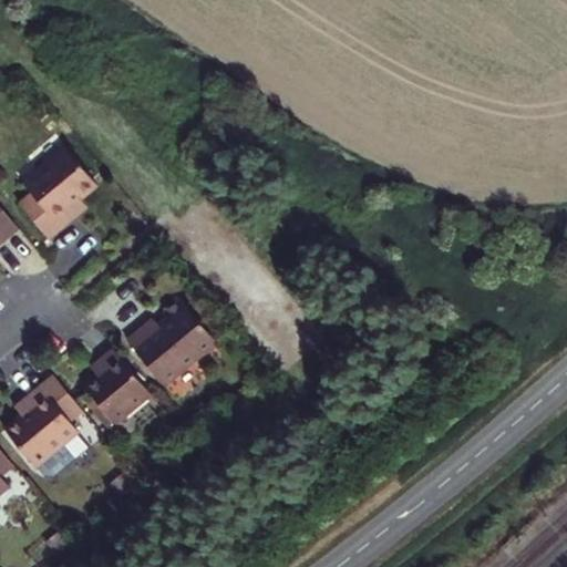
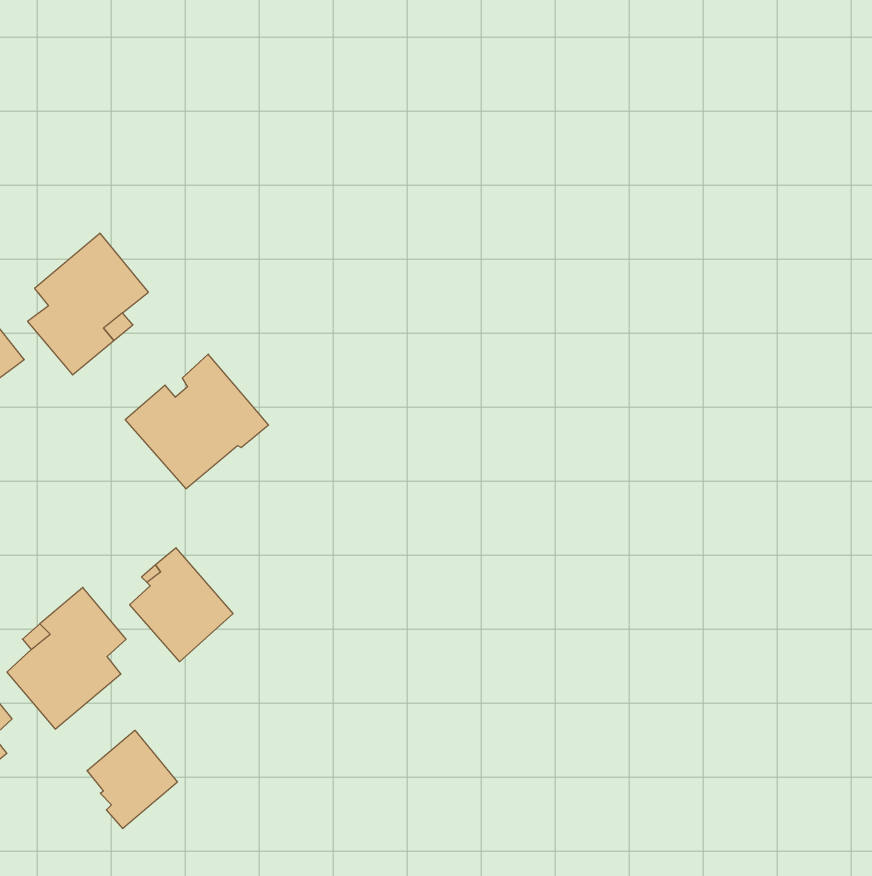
building: [127,300,219,386] -> [125,354,269,489]
building: none -> [87,730,177,829]

